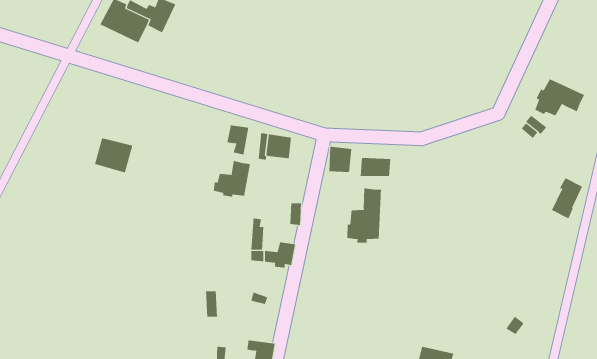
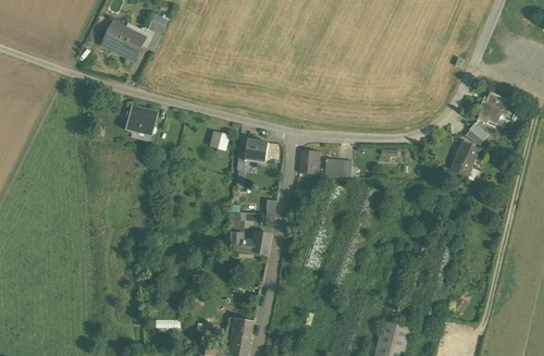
building: [94,138,133,173] -> [124,106,158,136]
building: [213,160,251,197] -> none
building: [551,178,583,219] -> [450,140,478,176]
building: [347,187,381,243] -> none

